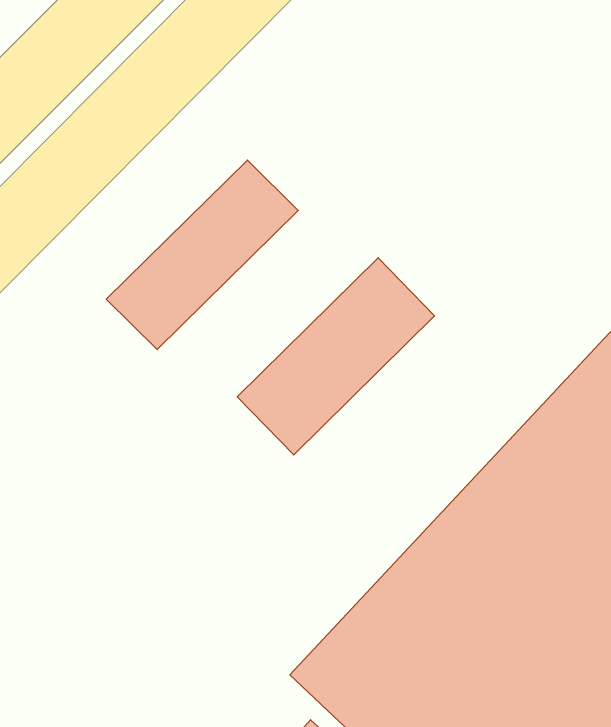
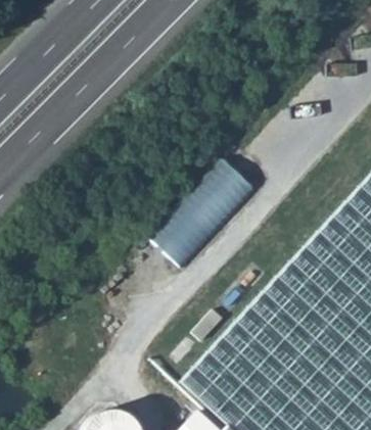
building: [106,160,298,350] -> none

